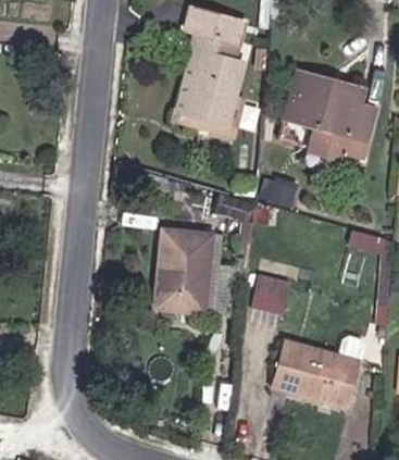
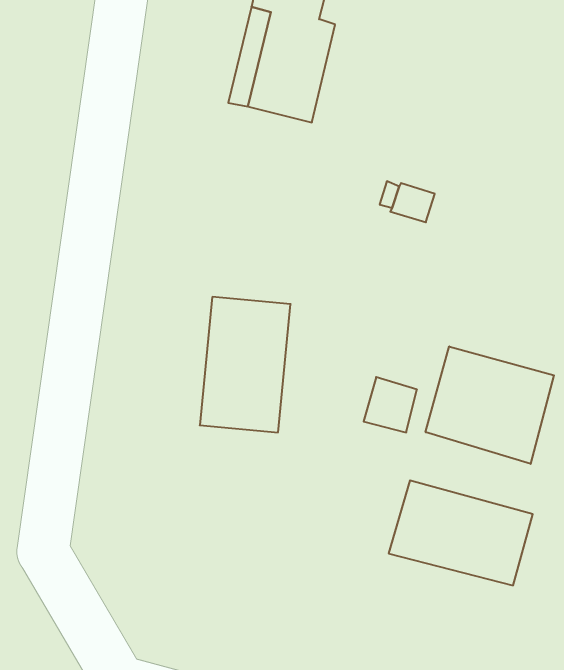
building: [283,74,374,157] -> none
building: none -> [426,346,554,464]

